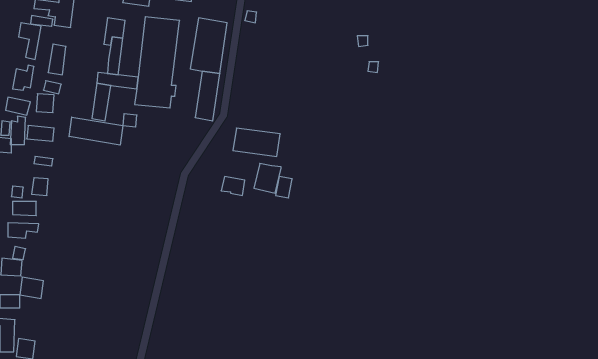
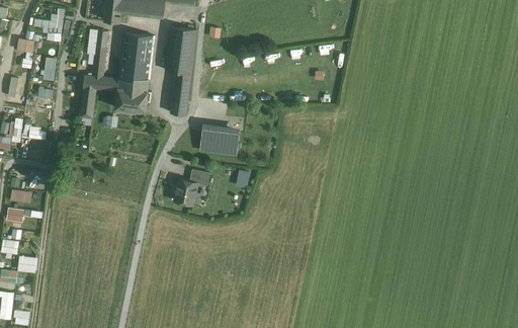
building: [69,117,123,145] -> none
building: [254,163,281,193] -> [174,179,197,204]

